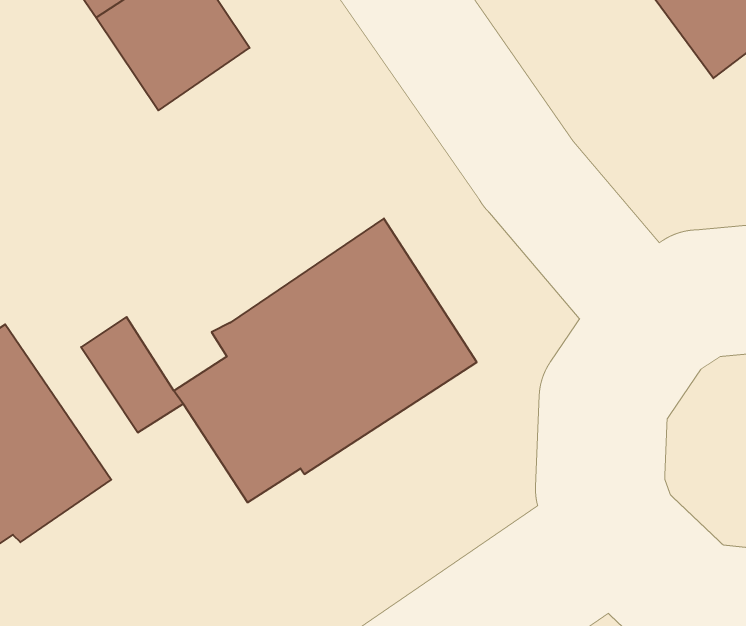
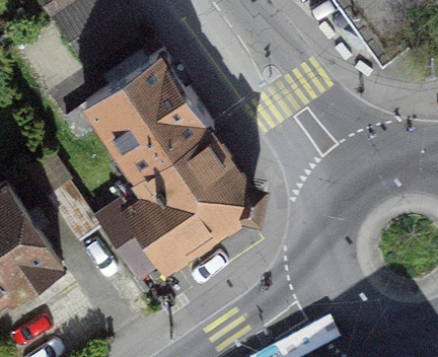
building: none -> [84,51,212,183]

